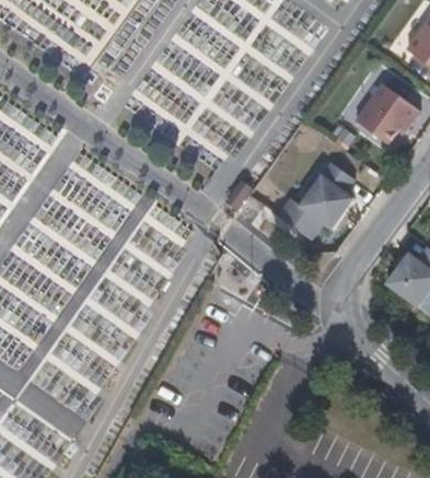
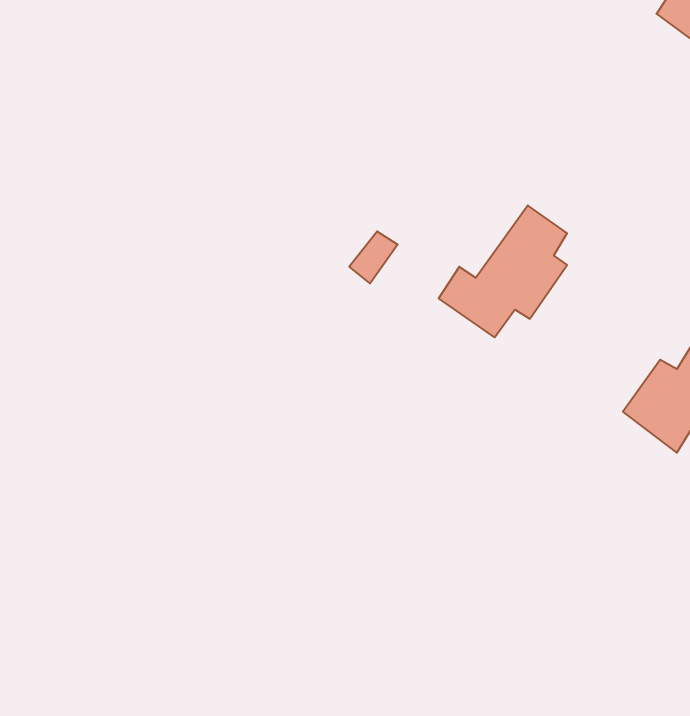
building: [355,83,420,143] -> none

